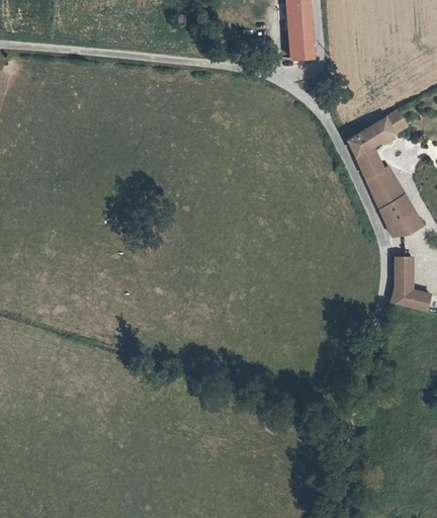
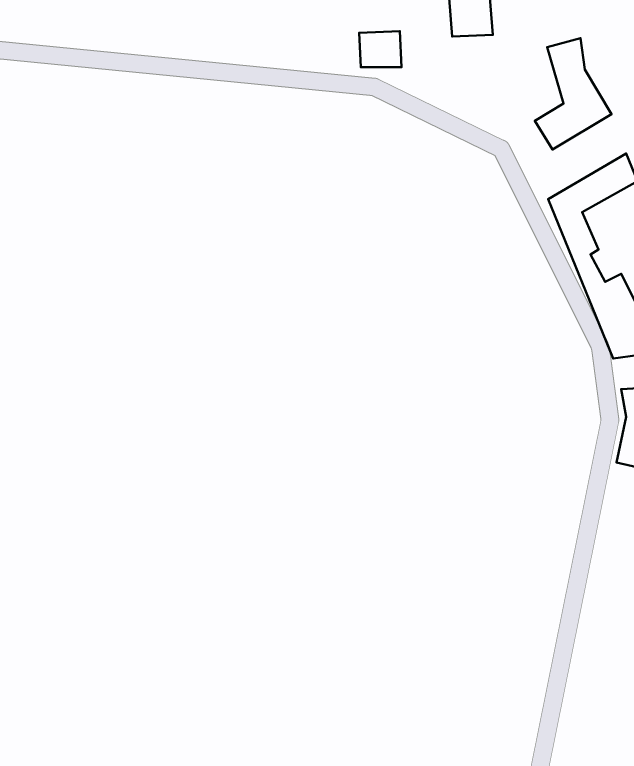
building: [289,36,316,59] -> [359,31,402,67]
building: none -> [535,38,612,150]

